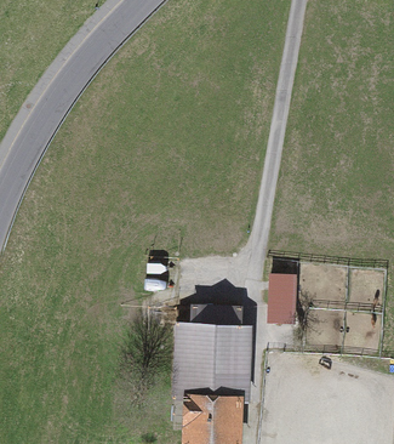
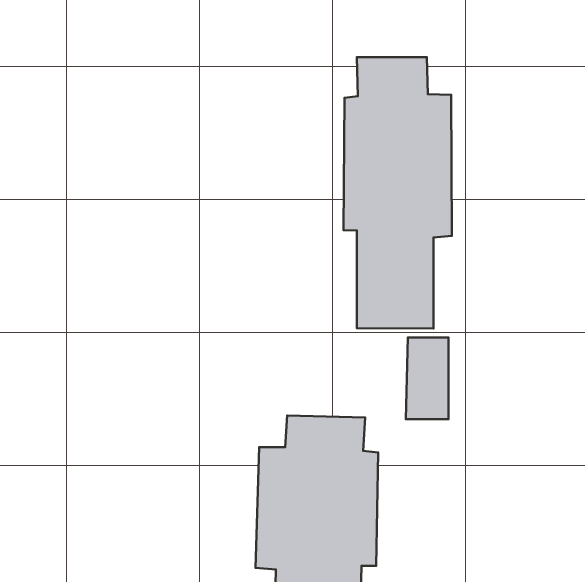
building: none -> [344,57,452,328]

